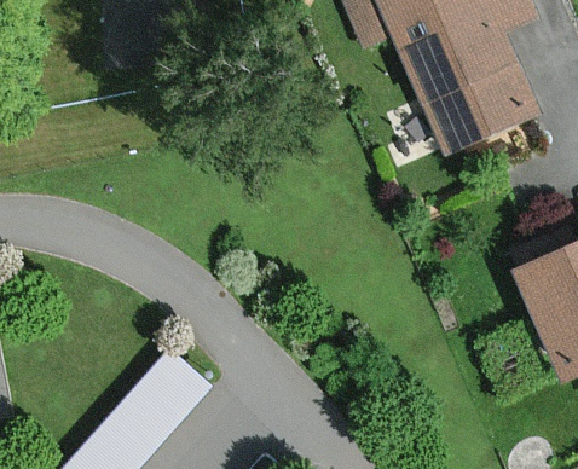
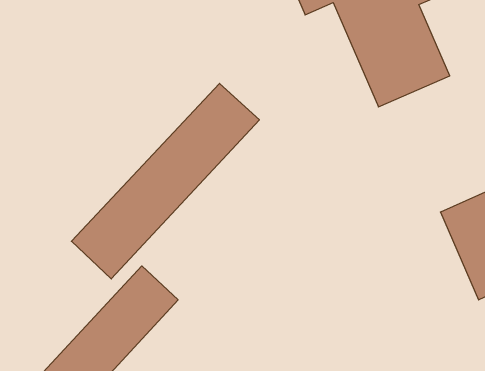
building: none -> [71,83,259,279]

